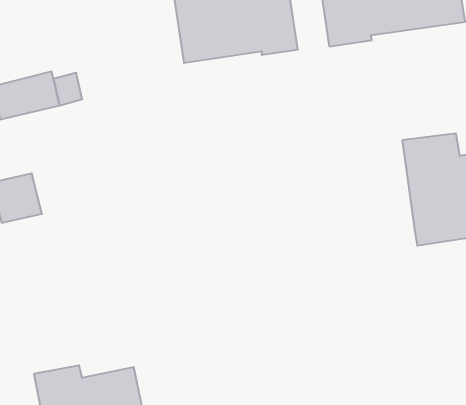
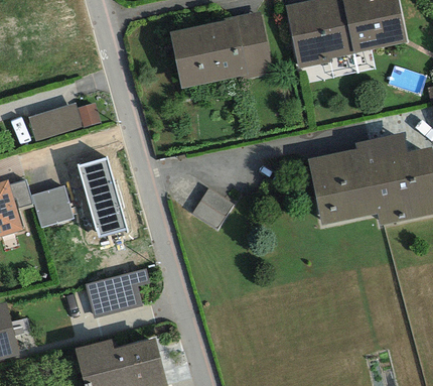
building: none -> [307,141,376,224]
building: none -> [78,157,127,237]
building: none -> [190,187,234,233]
building: none -> [85,268,150,318]

